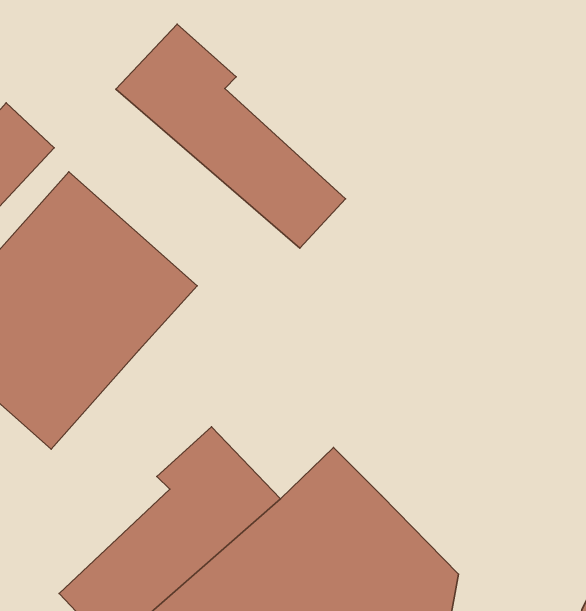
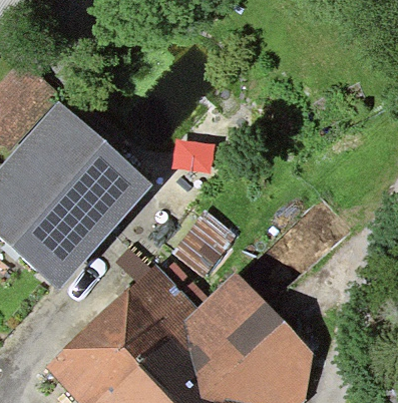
building: [116,24,345,248] -> none

